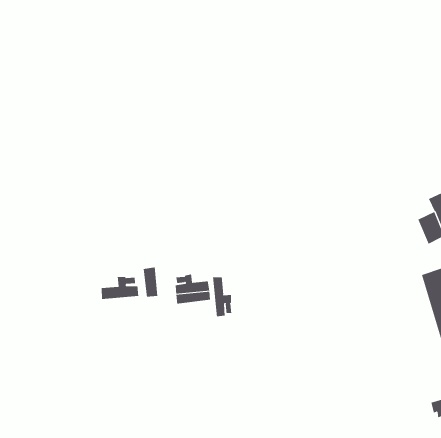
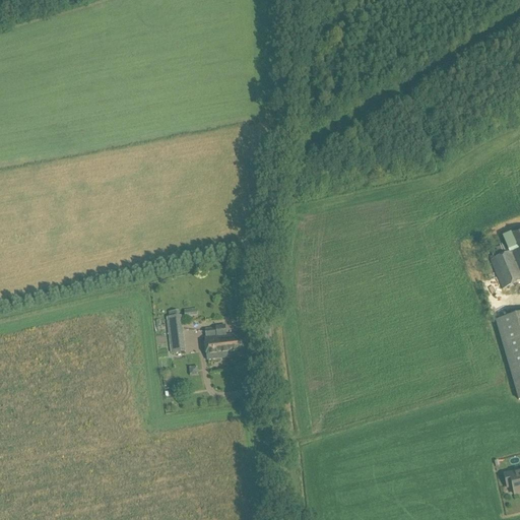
building: [101,276,139,300] -> none
building: [213,276,232,317] -> none

